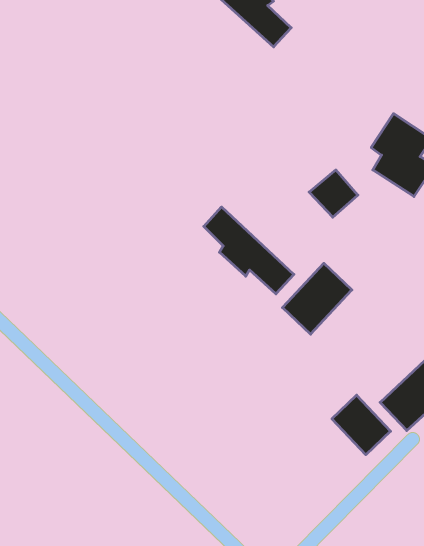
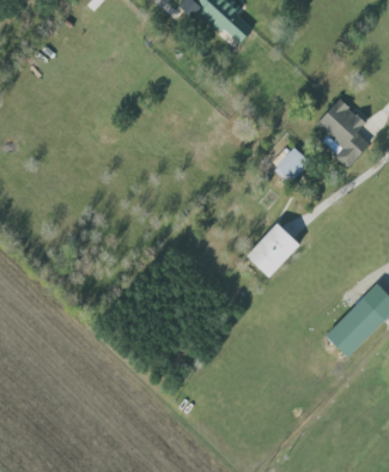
building: [204,207,294,294] -> none
building: [332,395,391,455] -> none

